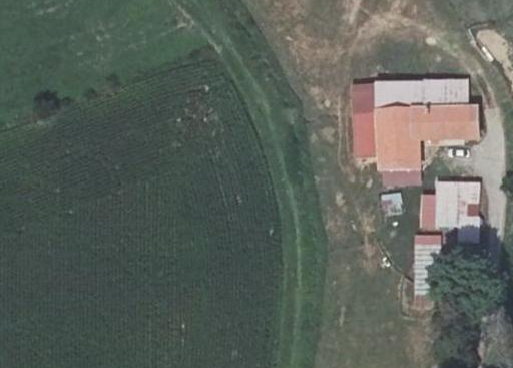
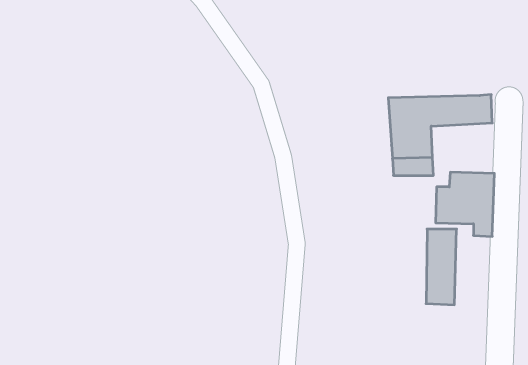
building: [352,79,466,154] -> none

